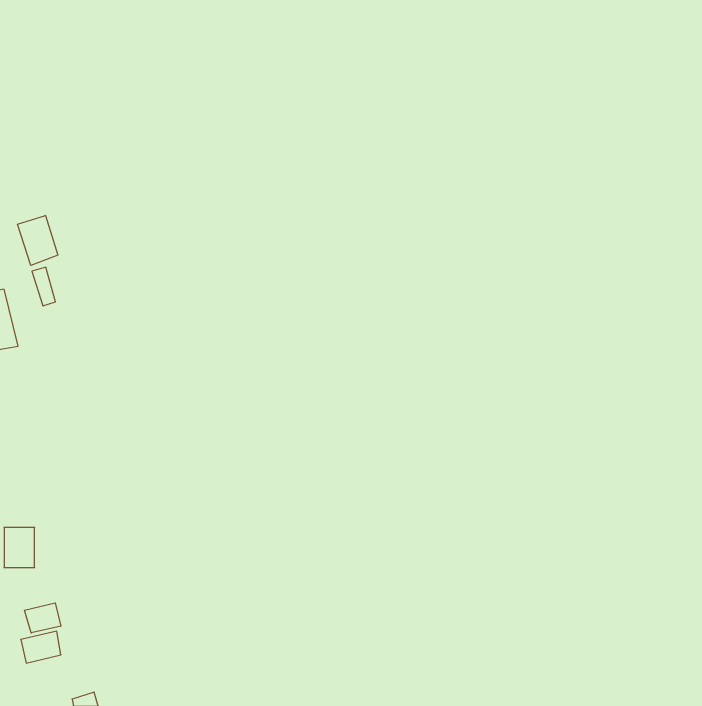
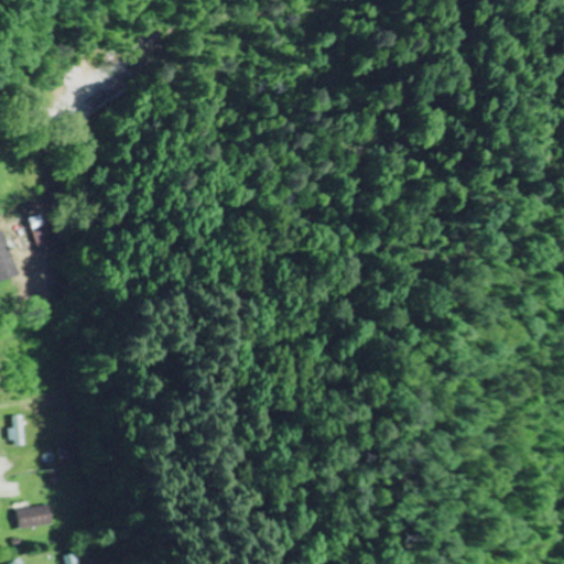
building: [18,215,58,265] -> none
building: [25,603,61,633] -> none

